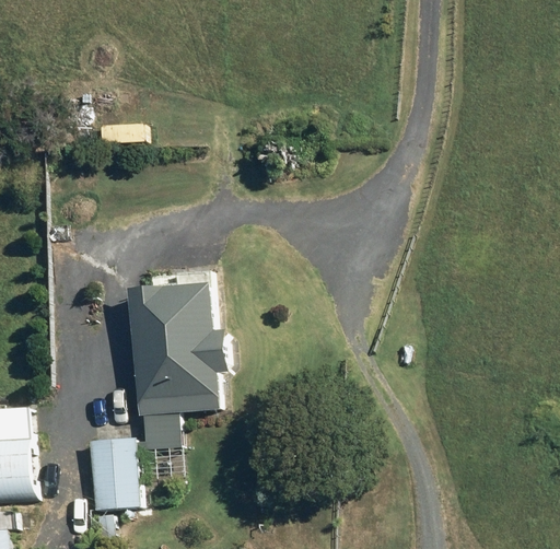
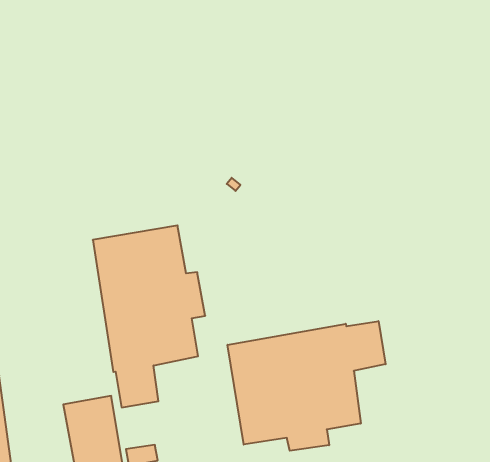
building: none -> [228,321,386,451]

